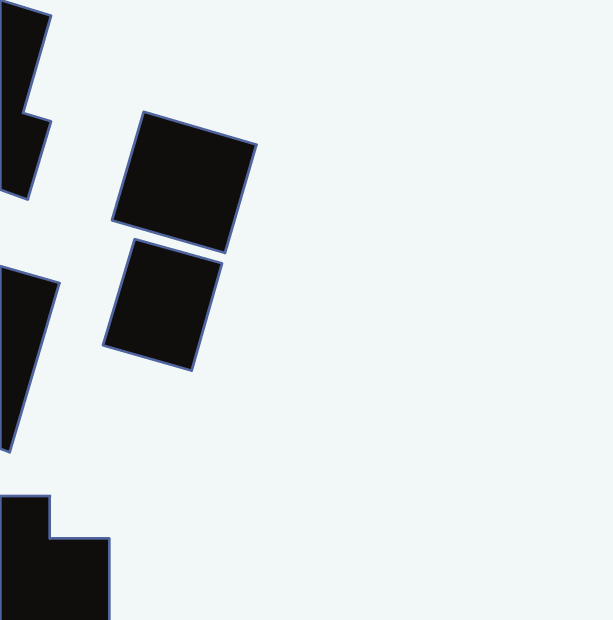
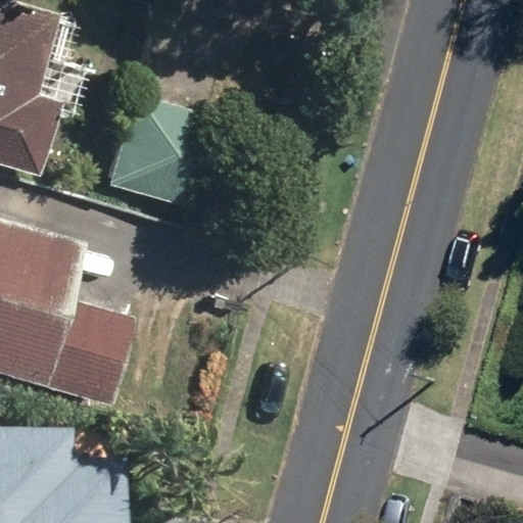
building: [103,239,222,371] -> [30,297,130,408]

